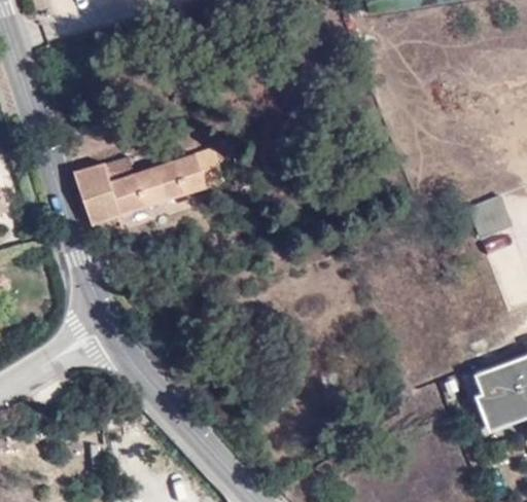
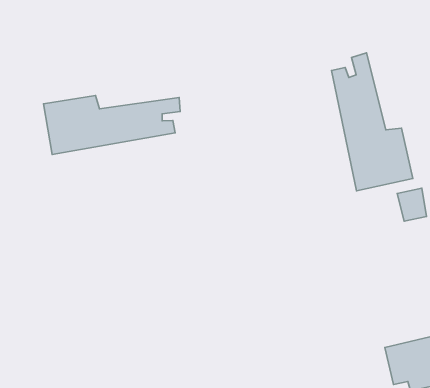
building: none -> [331,53,413,191]

